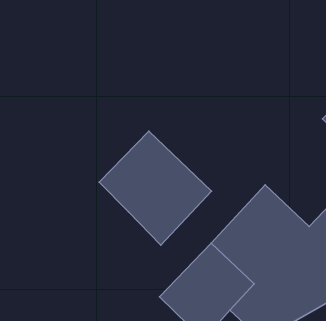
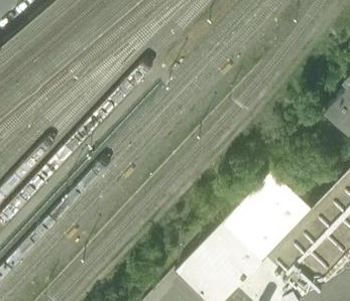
building: [99,131,212,245] -> none

